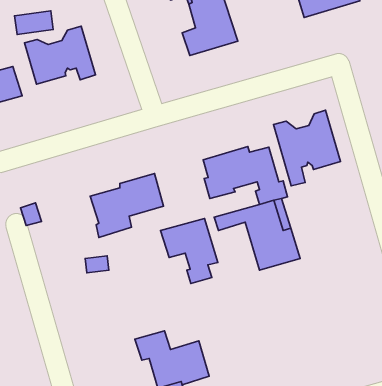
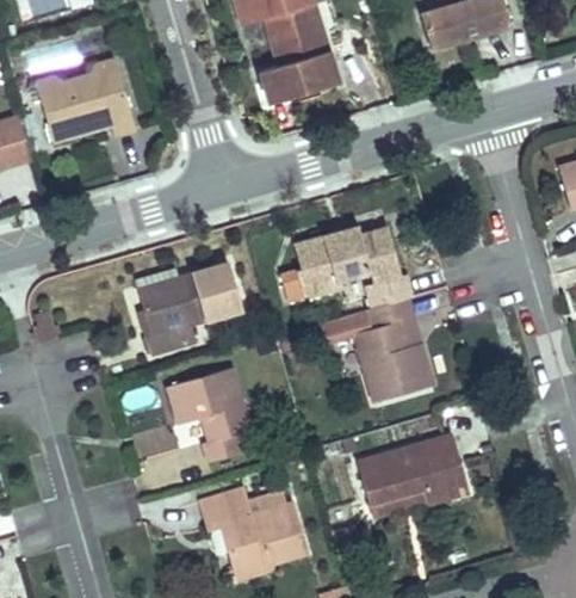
building: [274,110,340,186] -> none
building: [161,219,218,283] -> [165,370,246,462]
building: none -> [357,437,467,507]

